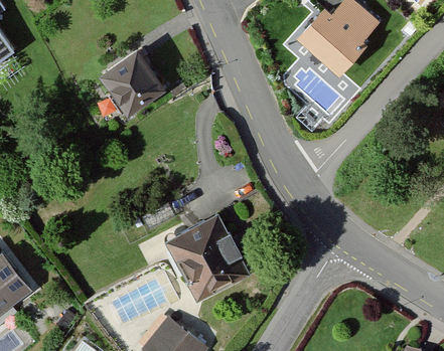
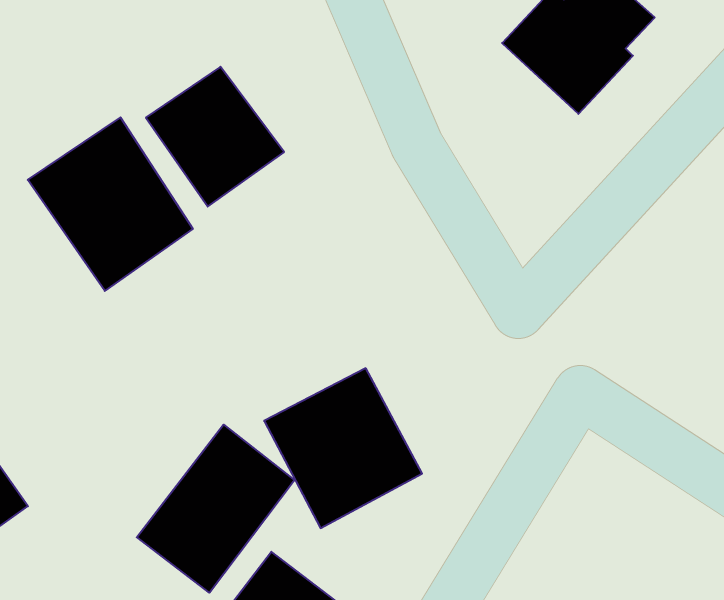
building: none -> [28,117,193,291]
building: none -> [137,425,295,593]

